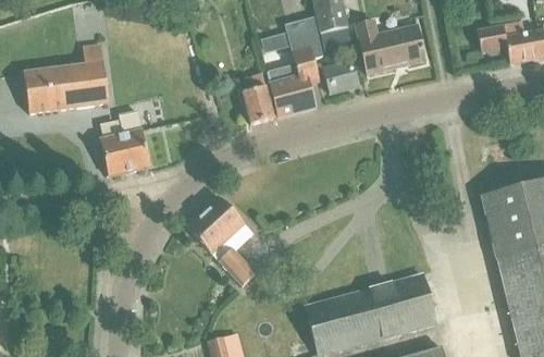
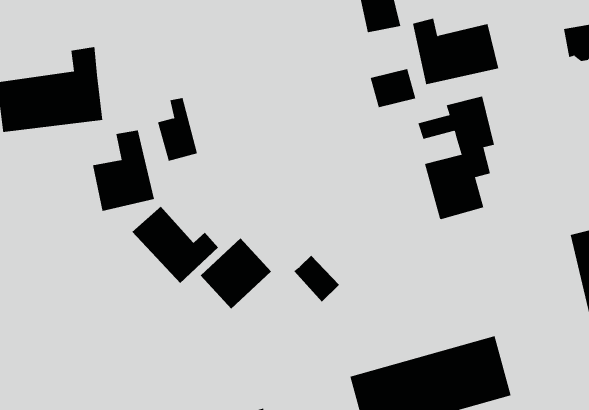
building: [261,16,323,115] -> [417,96,495,220]
building: [242,72,274,123] -> [157,98,198,162]
building: none -> [132,206,219,284]
building: [219,247,256,285] -> [293,255,340,302]

